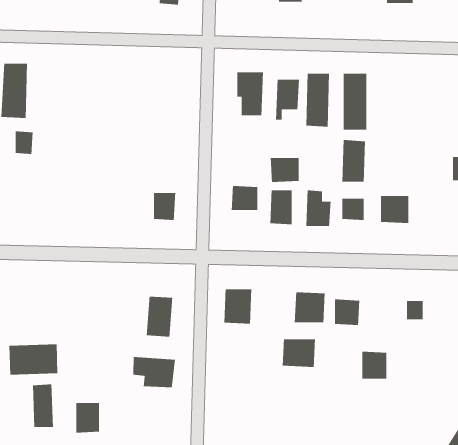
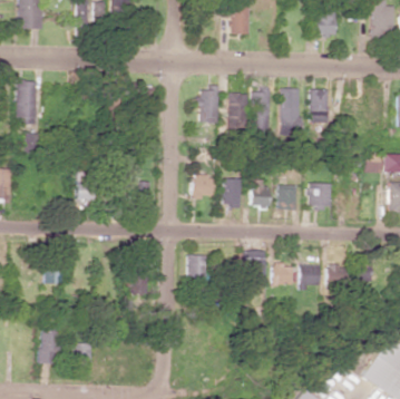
building: [342,139,366,182] -> [311,88,330,121]
building: [270,157,300,183] -> none
building: [282,339,316,368] -> none
building: [8,343,58,375] -> none
building: [361,351,387,380] -> [301,264,321,286]
building: [132,356,176,388] -> none

